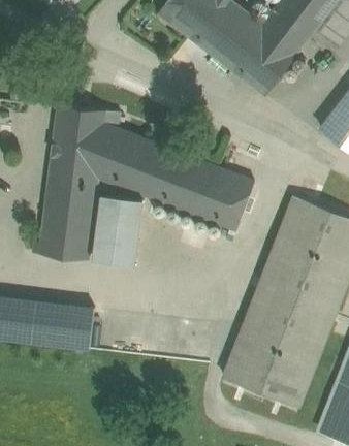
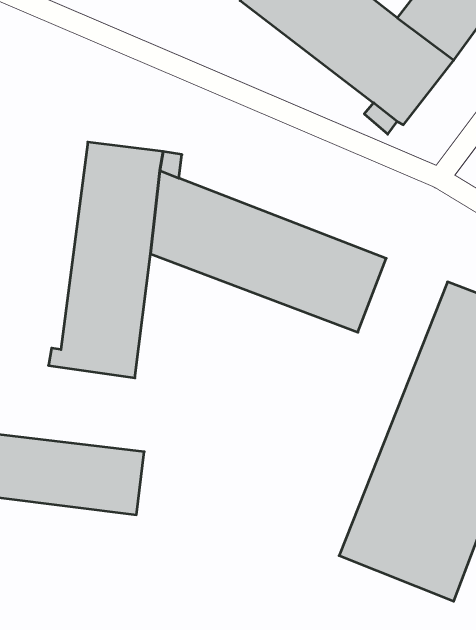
building: [93,194,144,265] -> none

